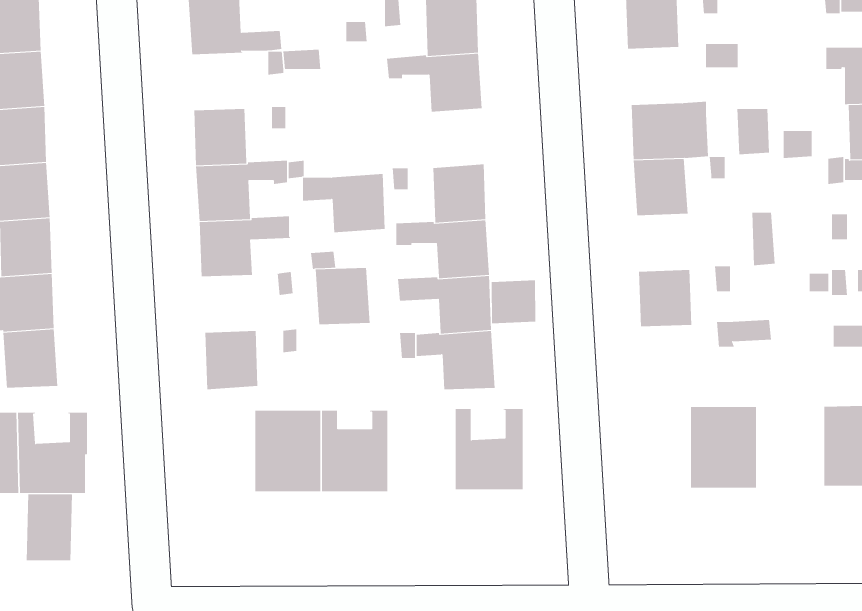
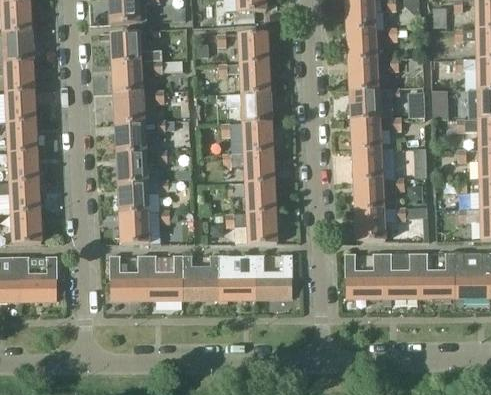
building: none -> [348,59,378,90]
building: none -> [113,62,142,93]
building: [302,174,385,233] -> [226,92,271,124]
building: none -> [353,149,382,180]
building: [315,267,370,325] -> [118,182,148,213]
building: [491,279,536,324] -> none
building: none -> [355,209,385,241]
building: none -> [345,253,382,297]
building: none -> [418,253,454,297]
building: none -> [219,254,255,299]
building: none -> [109,255,147,299]
building: [26,494,73,561] -> none

